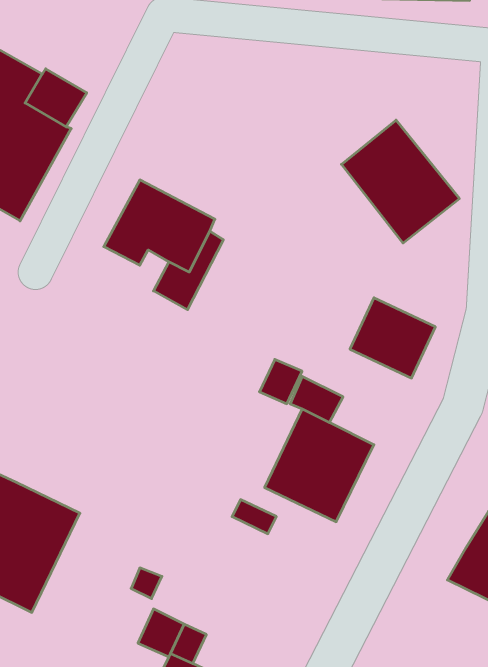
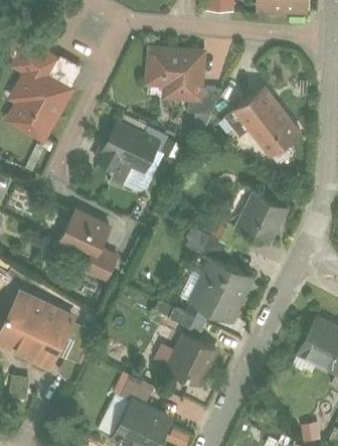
building: none -> [144,44,208,104]
building: none -> [55,209,117,283]
building: none -> [164,334,217,389]

